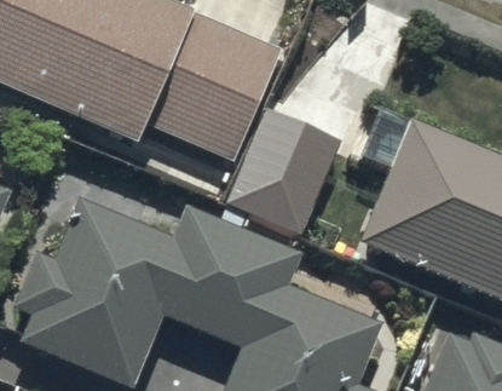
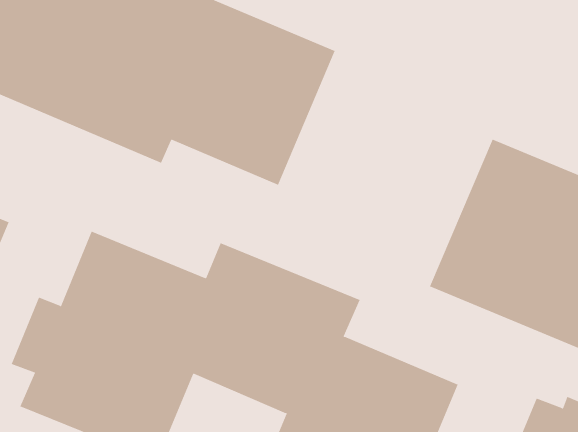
building: [225,108,341,234] -> none

